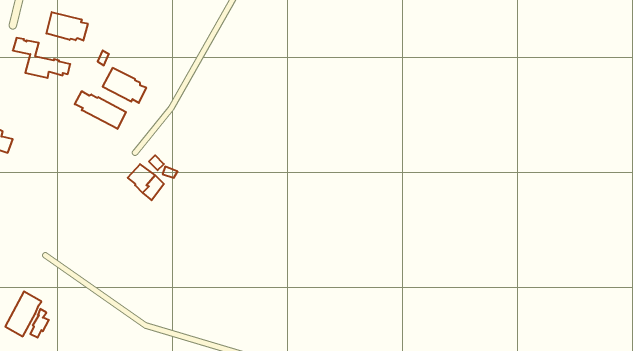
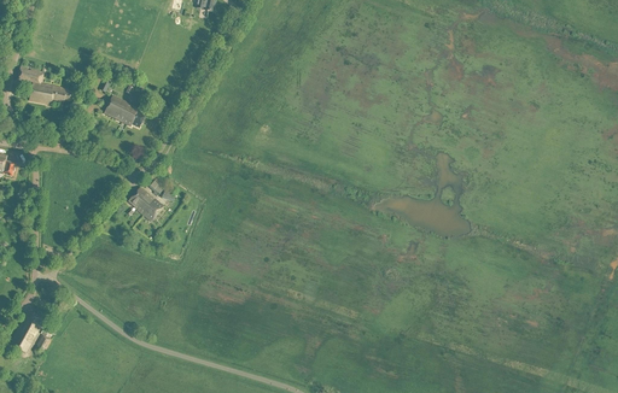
building: [46,12,88,41] -> none
building: [75,91,126,129] -> none

